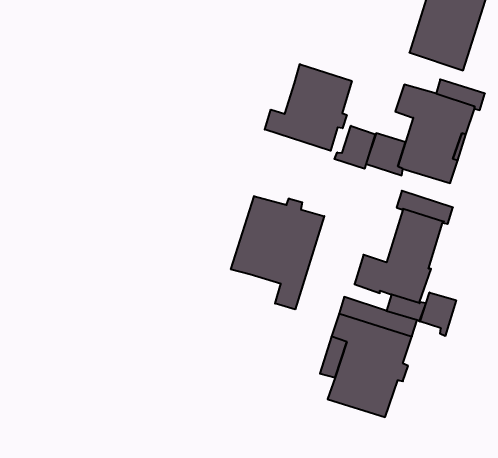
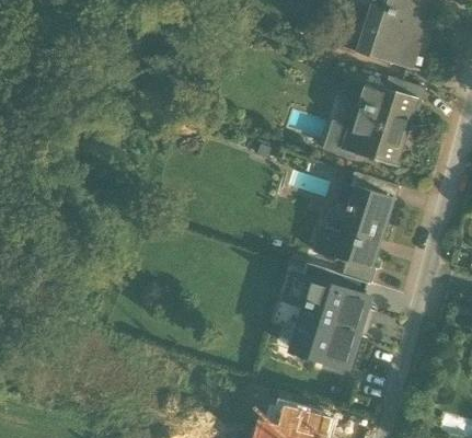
building: [265,64,352,151] -> none
building: [334,126,375,169] -> none
building: [231,196,324,309] -> none
building: [420,292,456,336] -> none

